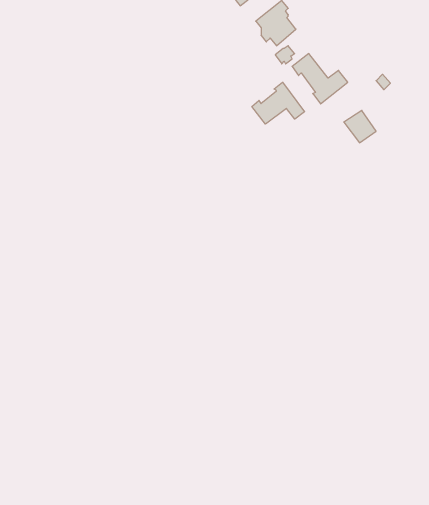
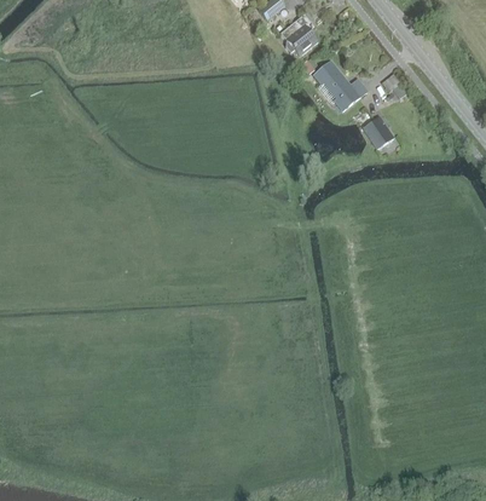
building: [252,82,305,124] -> none

